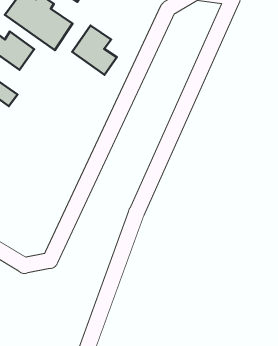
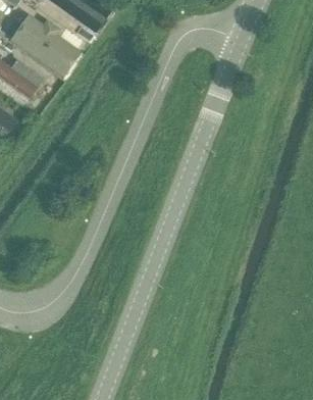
building: [72,25,117,75] -> none

